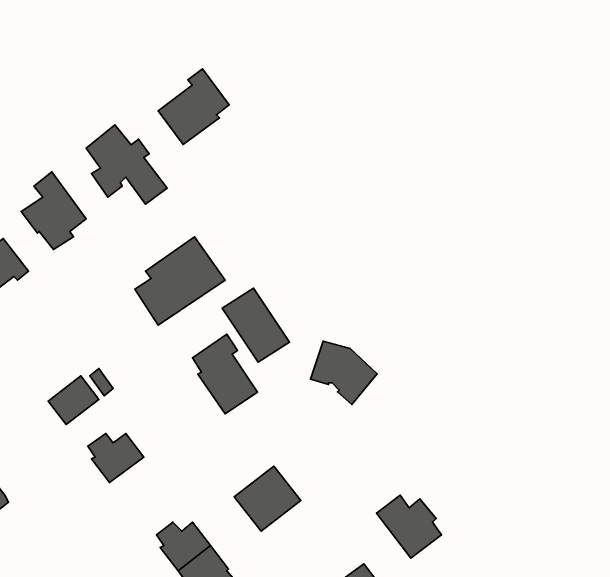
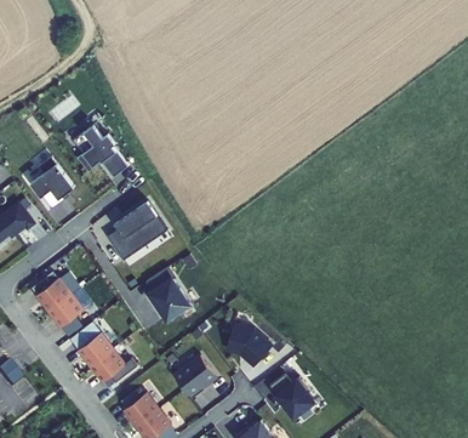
building: [158,69,229,145] -> none
building: [222,288,289,362] -> none
building: [310,341,377,404] -> [226,324,270,366]
building: none -> [36,278,70,311]
building: none -> [90,348,125,382]

